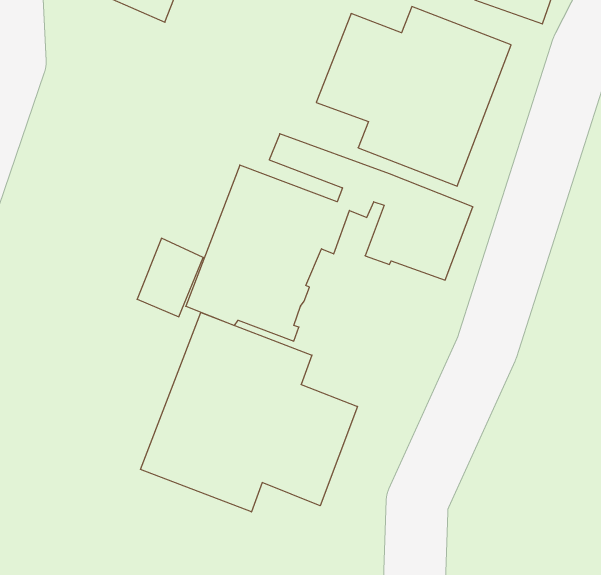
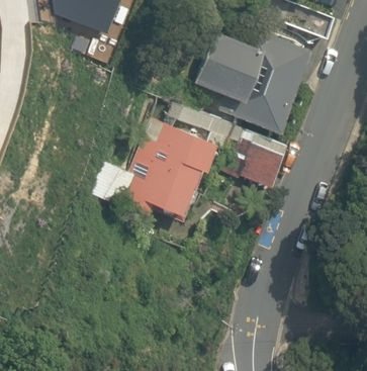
building: [140,313,357,512] -> none

